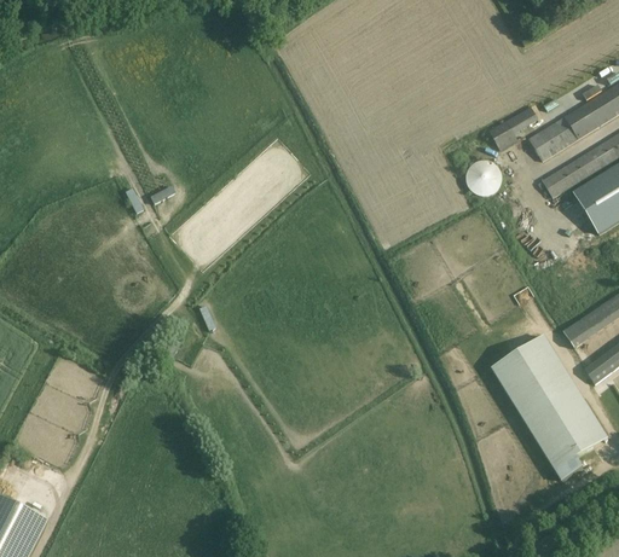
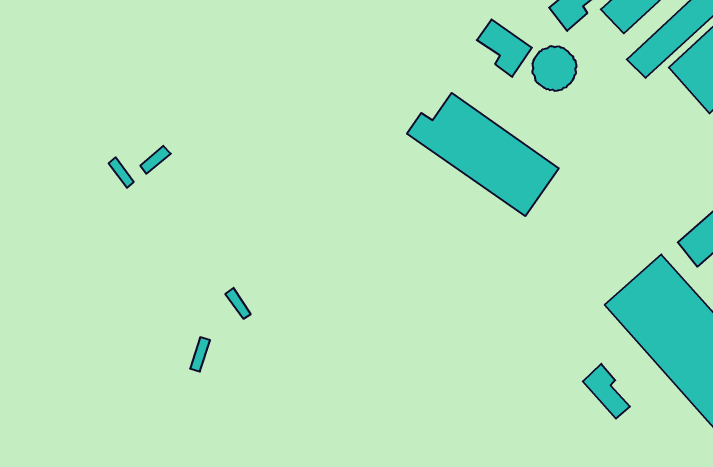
building: none -> [477,19,532,77]
building: none -> [407,93,559,216]
building: none -> [583,364,630,419]

